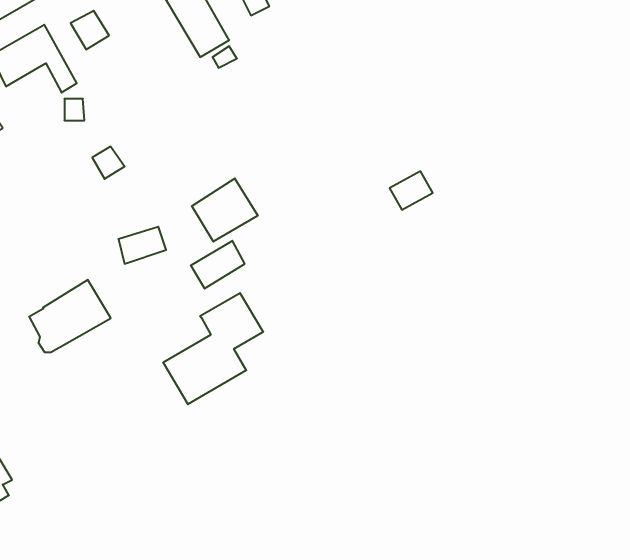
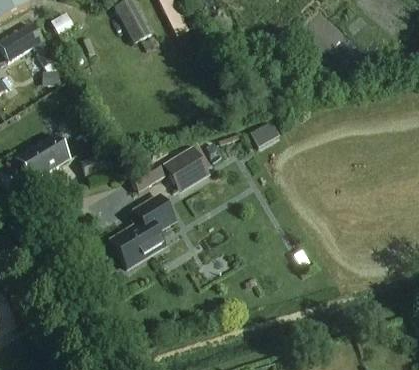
building: [192,178,258,242] -> [162,145,205,186]
building: [29,280,111,352] -> [18,132,71,179]

